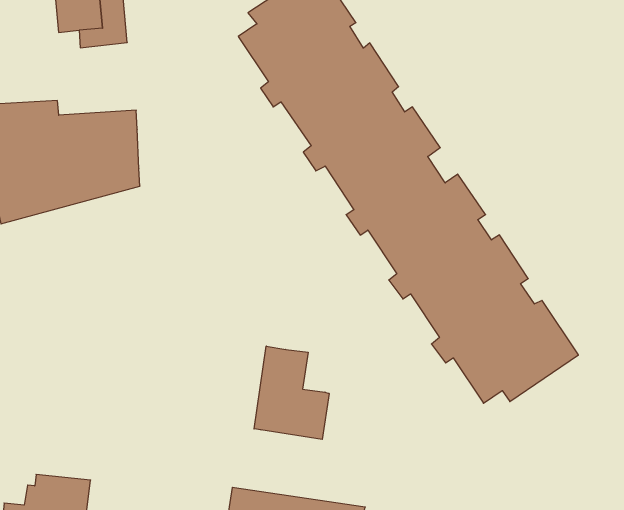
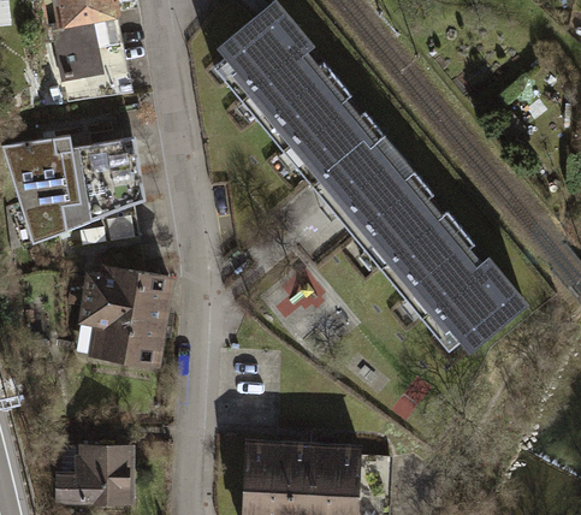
building: none -> [91,266,167,363]
building: [254,346,329,439] -> none

